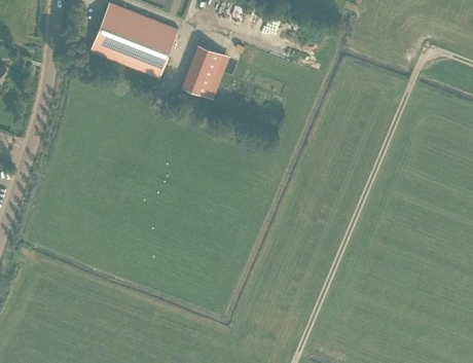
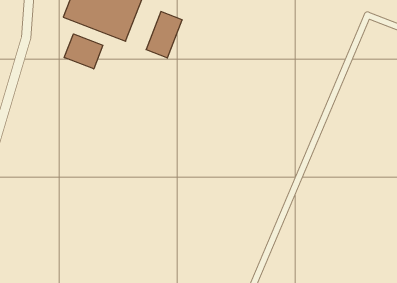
building: none -> [64,34,103,69]

